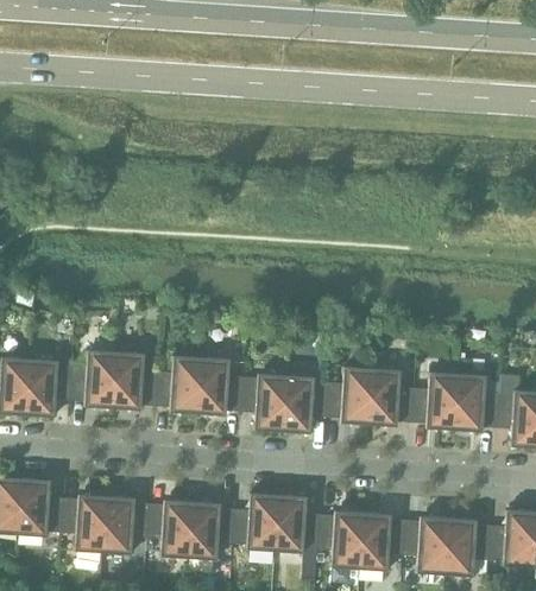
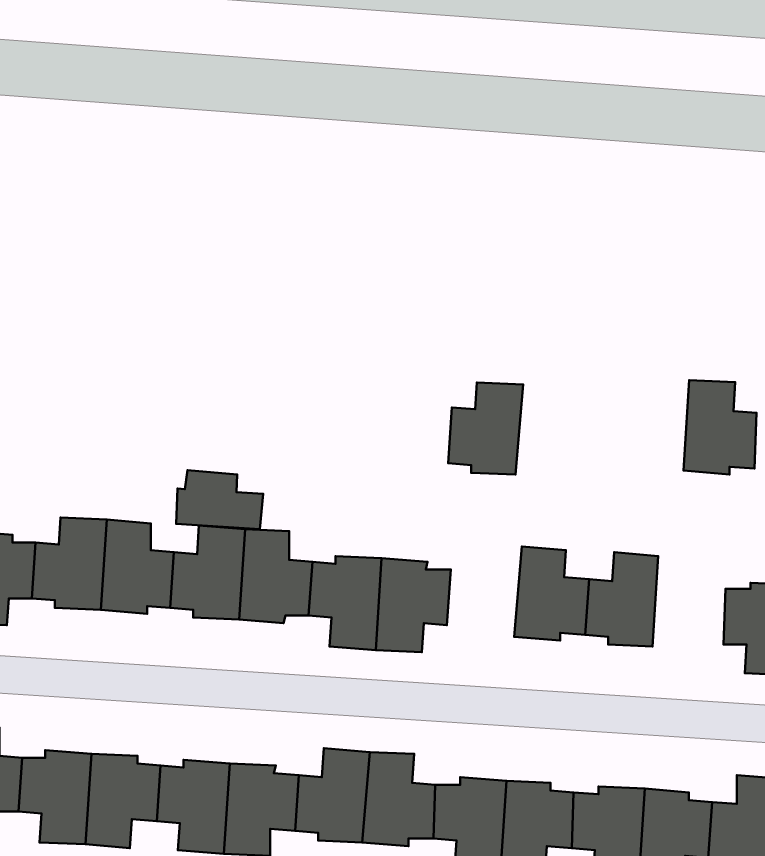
building: none -> [176,470,263,529]
building: [328,367,374,424] -> [448,382,523,475]
building: [455,374,500,432] -> [683,380,756,474]

